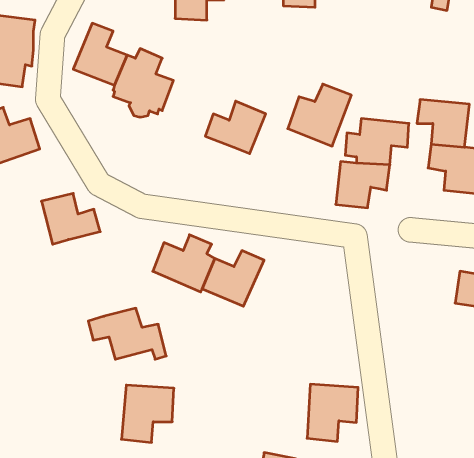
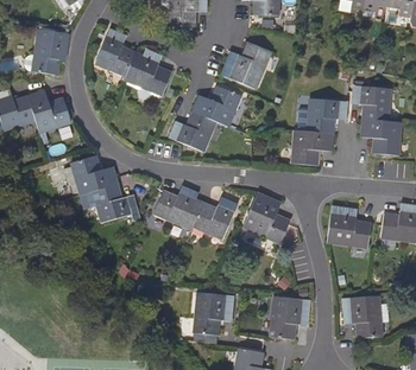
building: [288,84,351,146] -> [221,39,269,85]
building: none -> [170,113,215,152]
building: none -> [241,193,288,243]
building: none -> [326,206,368,247]
building: [88,308,166,359] -> [80,184,138,222]
building: none -> [342,296,380,338]
building: [121,385,174,442] -> [193,294,232,337]

